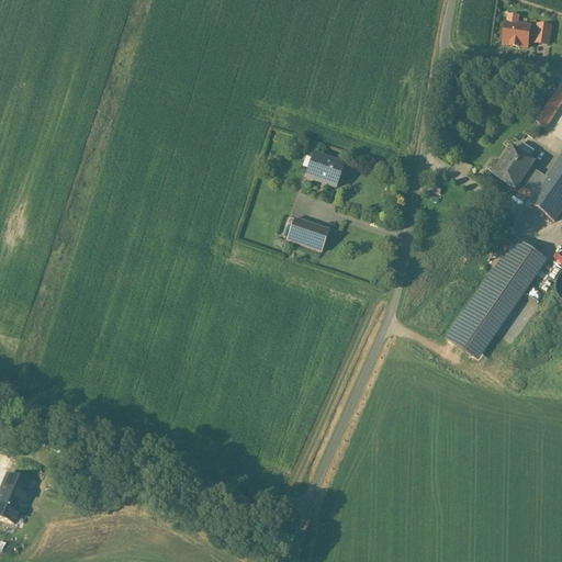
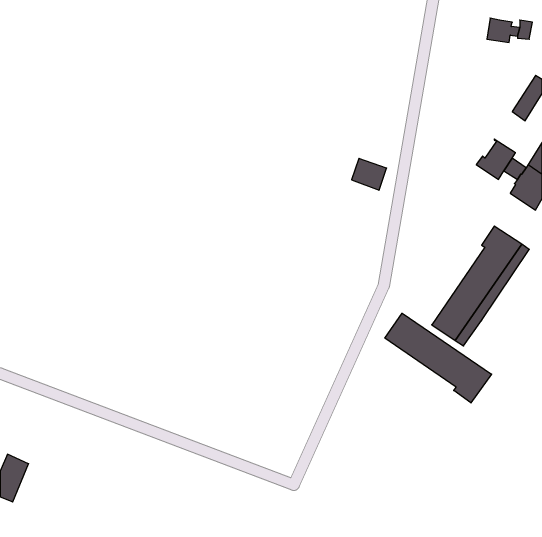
building: [305,151,341,184] -> [352,158,387,190]
building: [285,215,328,248] -> none
building: none -> [385,313,492,403]

